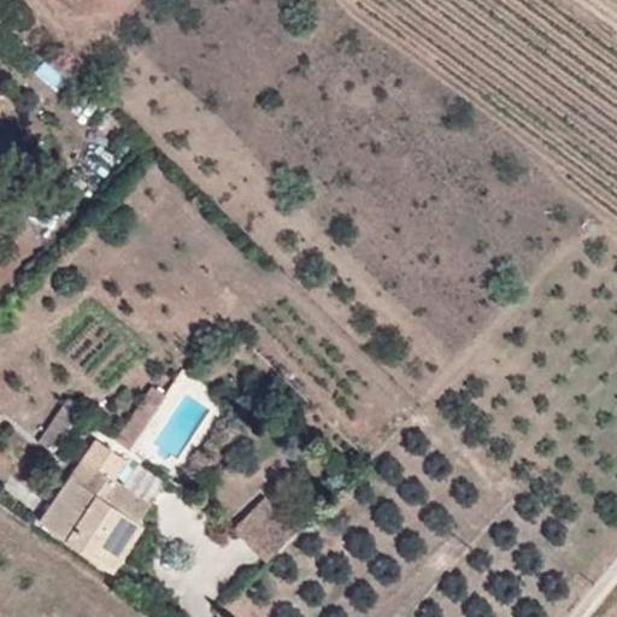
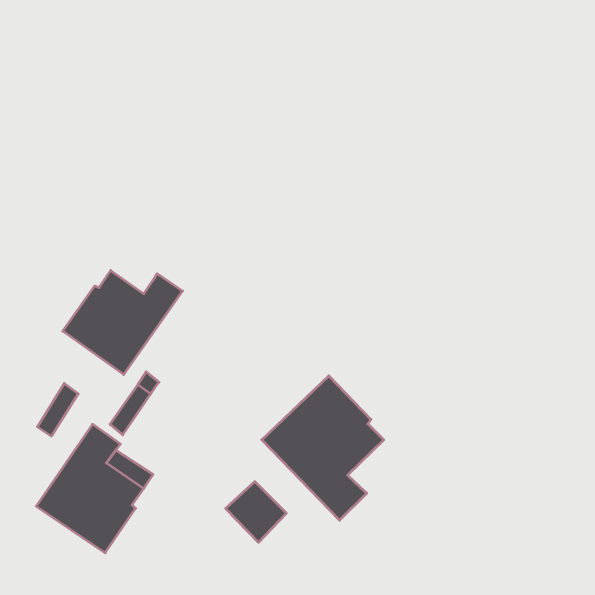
building: none -> [63,270,183,375]
building: none -> [262,376,384,520]

